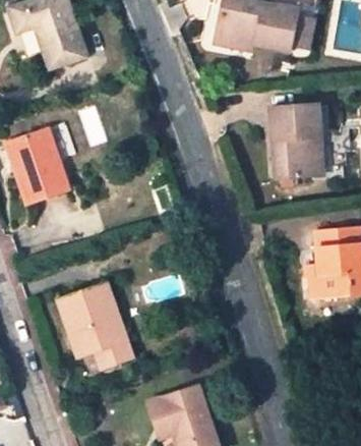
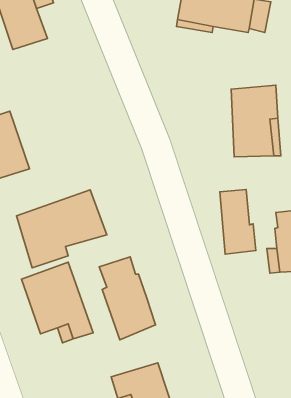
building: none -> [220,189,256,254]
building: none -> [16,190,107,268]
building: none -> [99,257,155,340]

